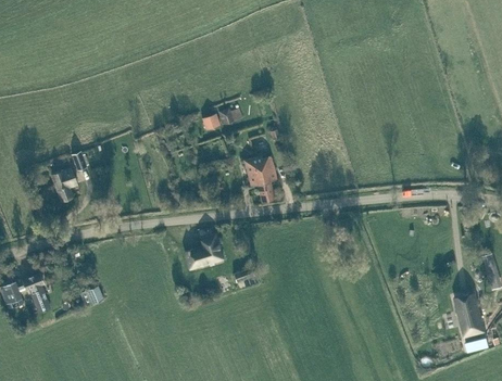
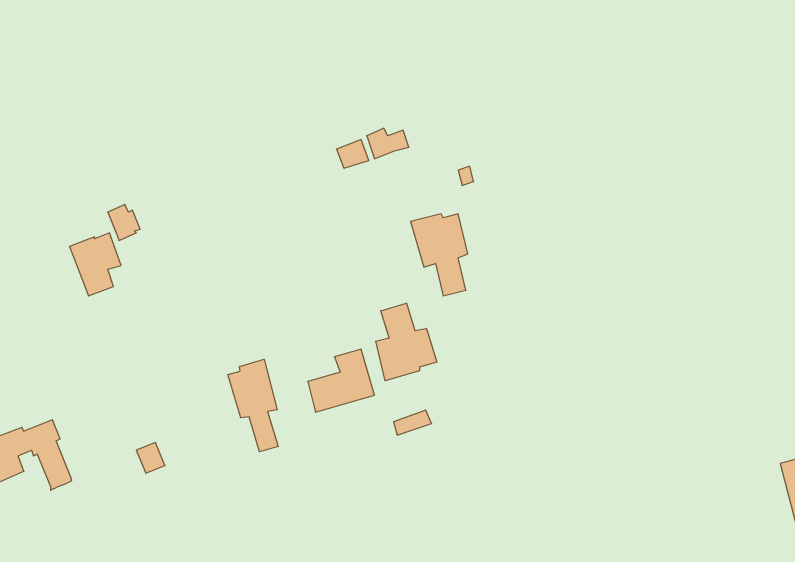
building: none -> [376,303,437,381]
building: none -> [228,359,278,452]

